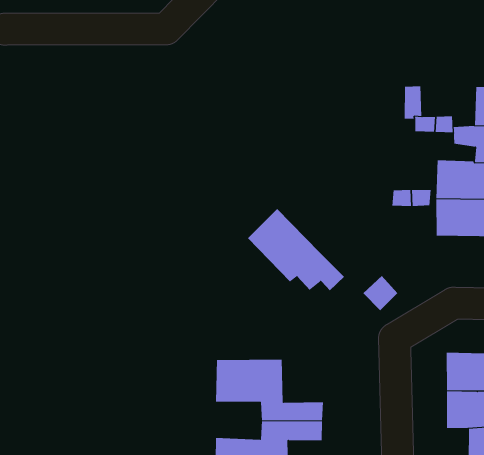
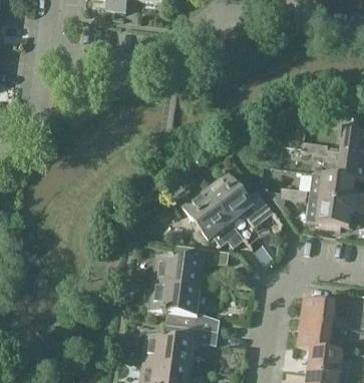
building: none -> [207,172,274,226]
building: none -> [154,245,230,287]

